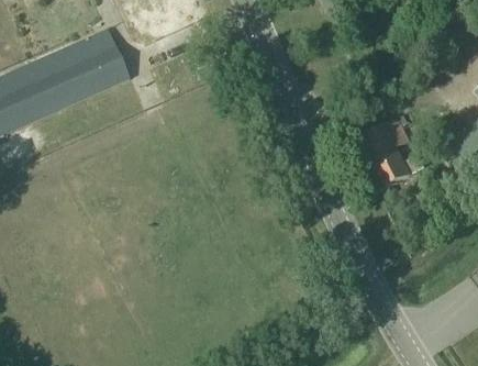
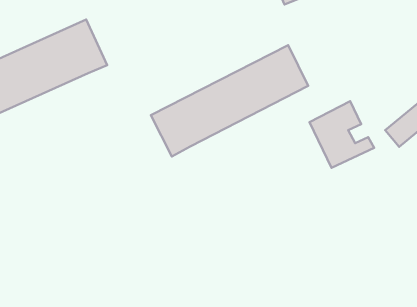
building: none -> [151,45,308,157]

